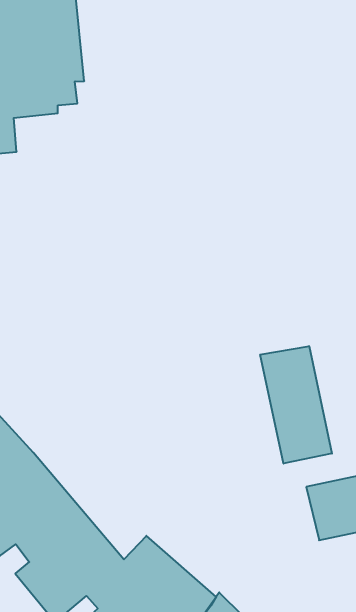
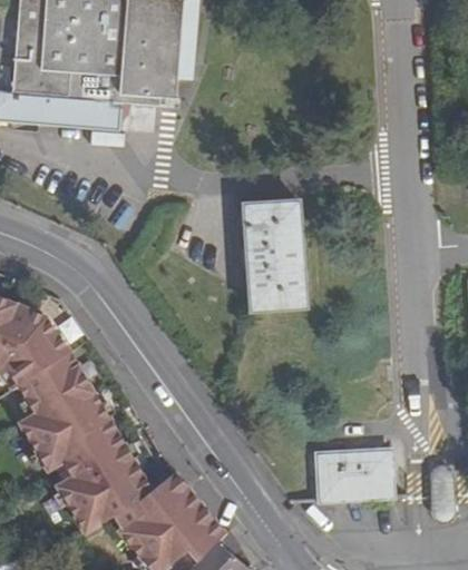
building: none -> [244,200,304,307]
building: [260,346,332,464] -> none

